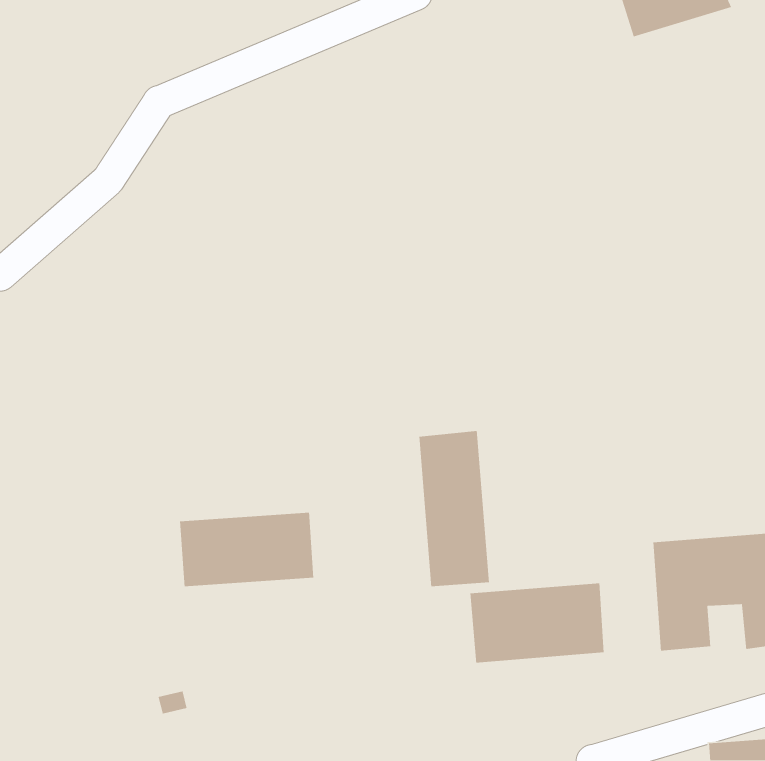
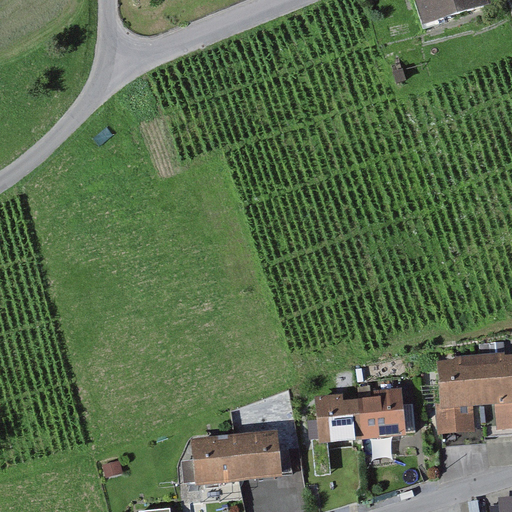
building: [419,430,490,587] -> none
building: [179,512,314,587] -> [190,432,280,482]

